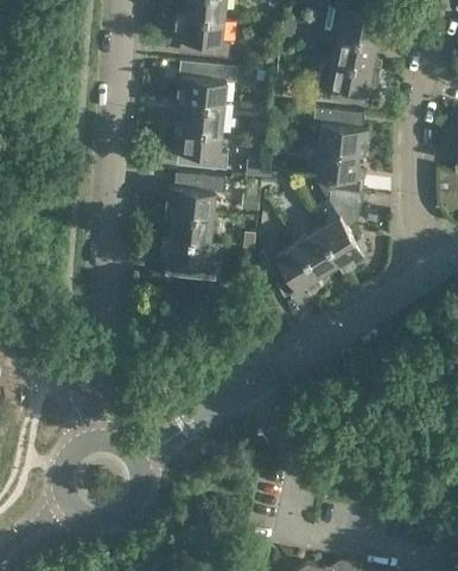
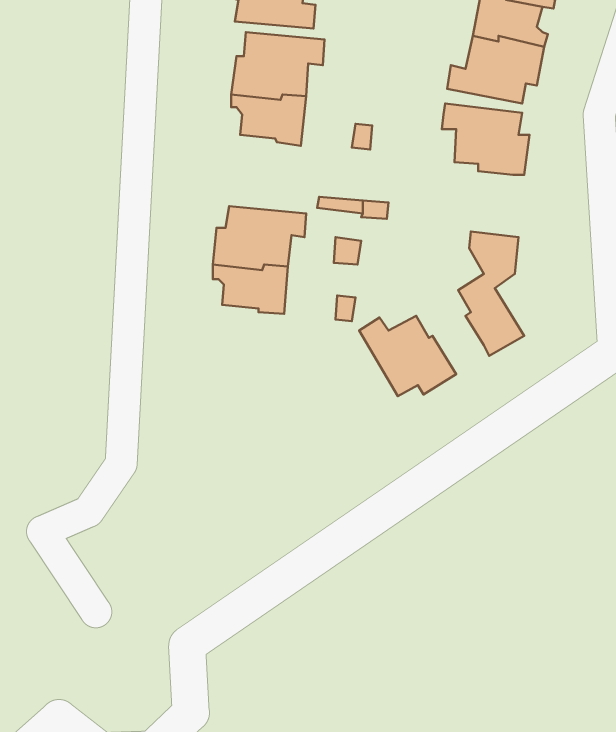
building: [172,127,228,172] -> none
building: [318,145,365,193] -> none
building: [297,227,341,282] -> none
building: [160,236,217,281] -> none

